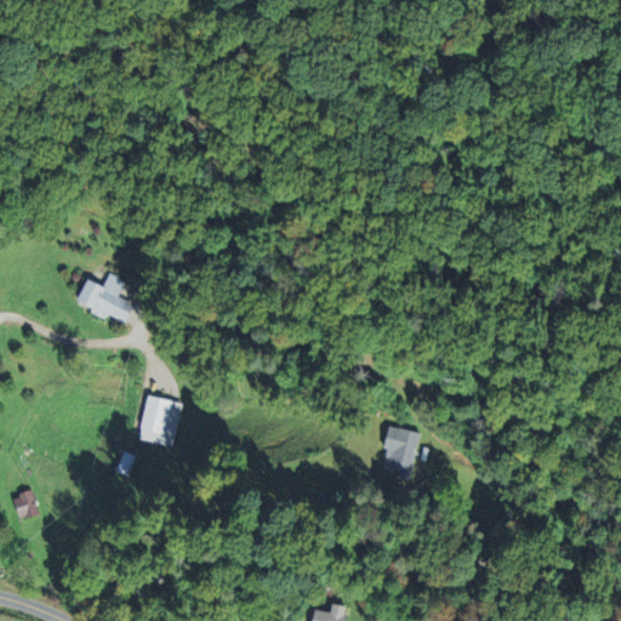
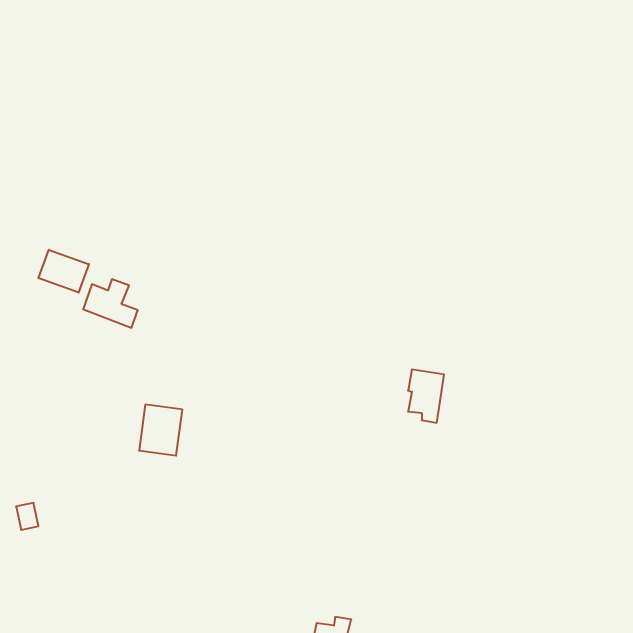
building: none -> [39,250,89,293]
building: [381,428,416,480] -> [408,369,444,423]

